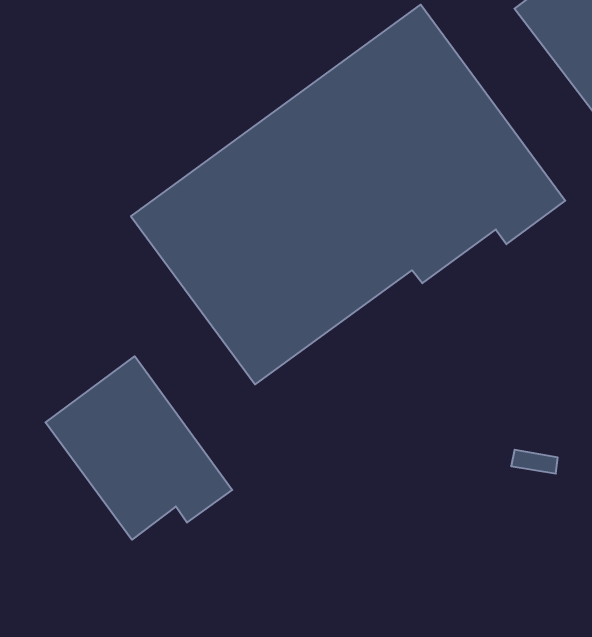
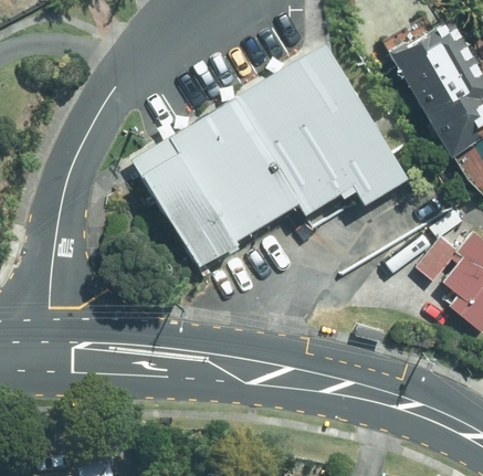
building: [45,356,232,540] -> none

